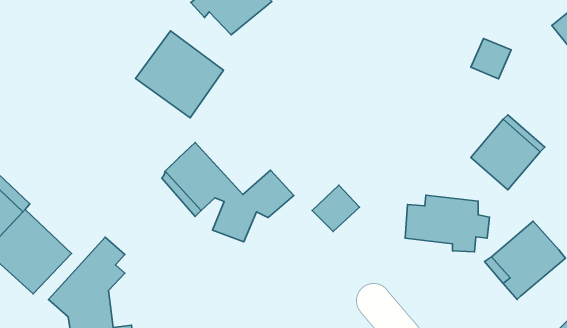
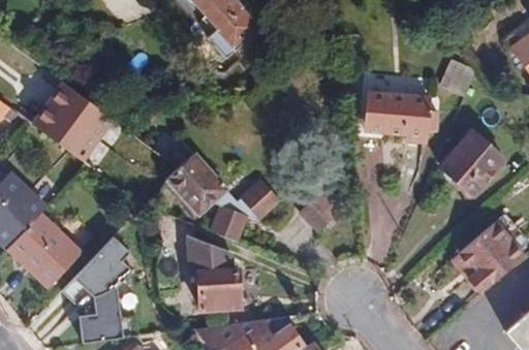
building: [136,31,224,118] -> [32,83,111,160]
building: [405,195,490,252] -> [364,91,439,141]
building: none -> [189,237,240,309]

